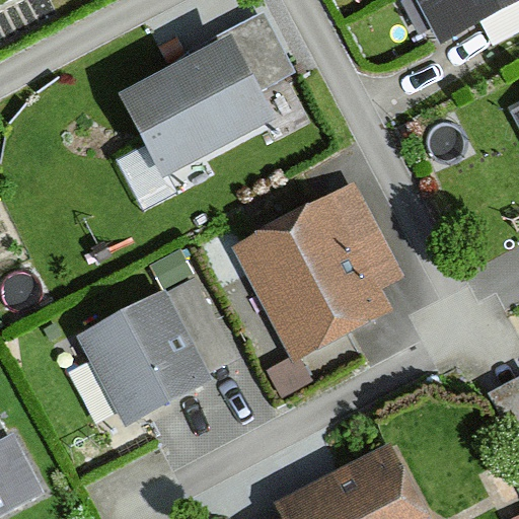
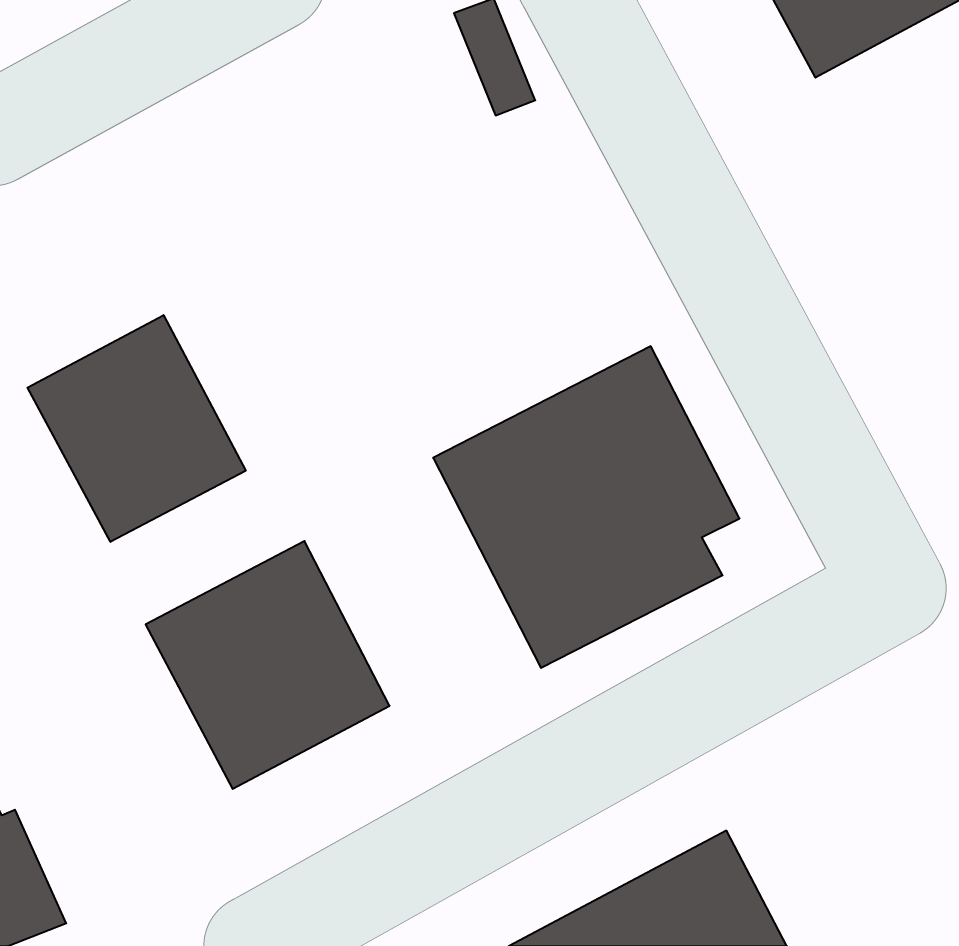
building: [125,40,277,176] -> none
building: none -> [27,315,246,542]

